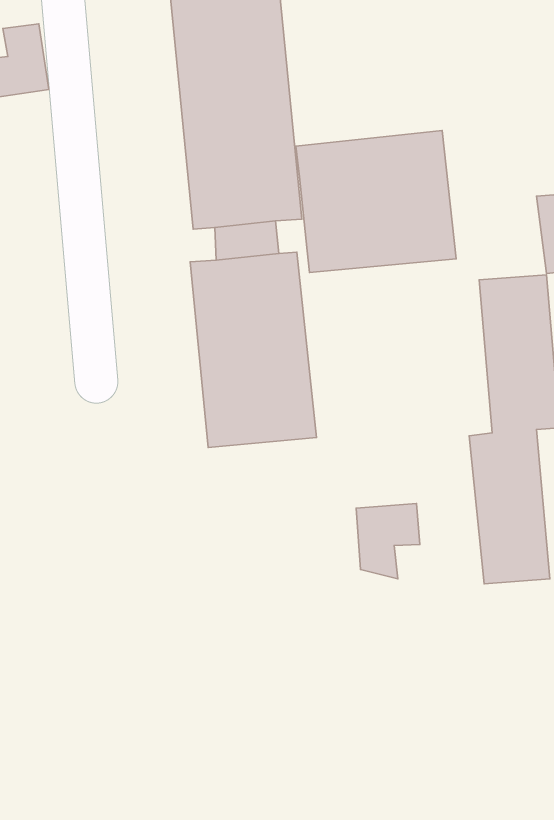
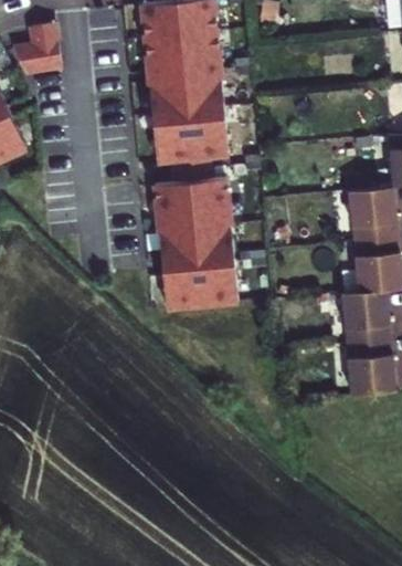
building: [296,131,456,272] -> none
building: [356,504,420,579] -> none

